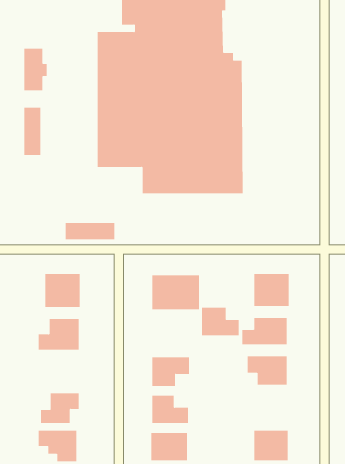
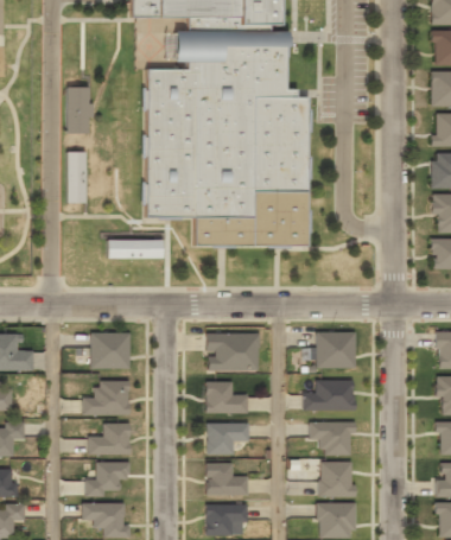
building: [65,222,115,240] -> [108,241,163,260]
building: [201,307,240,336] -> [205,382,247,413]
building: none -> [88,423,129,453]
building: none -> [319,462,354,496]

